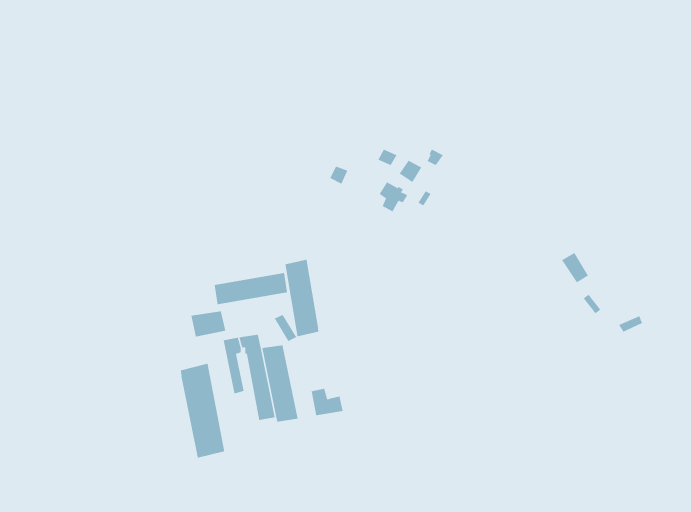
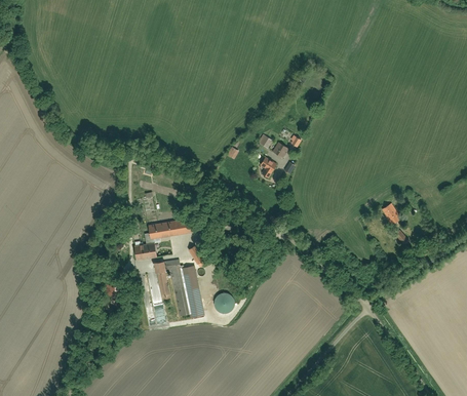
building: [285,259,319,337] -> none
building: [181,363,225,459] -> none

